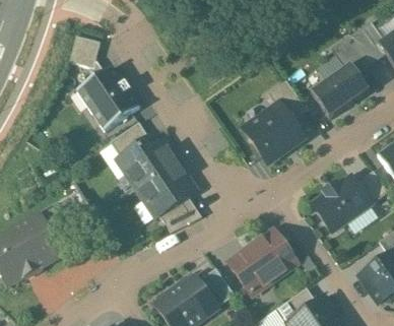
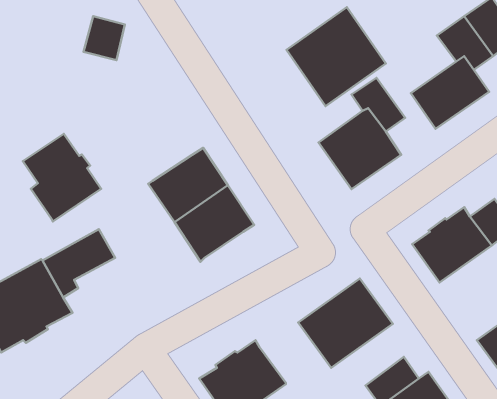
building: none -> [286,7,386,106]
building: [80,66,138,131] -> [23,134,101,222]
building: [109,122,148,157] -> none
building: [157,195,200,232] -> none
building: [198,268,234,307] -> none

